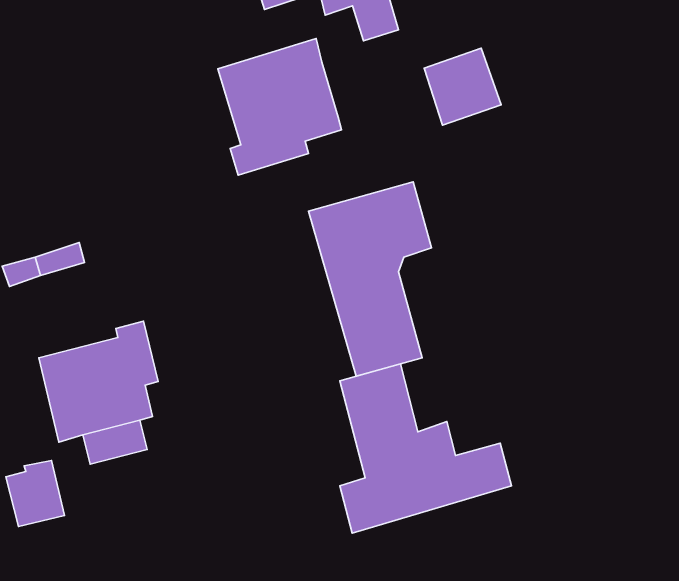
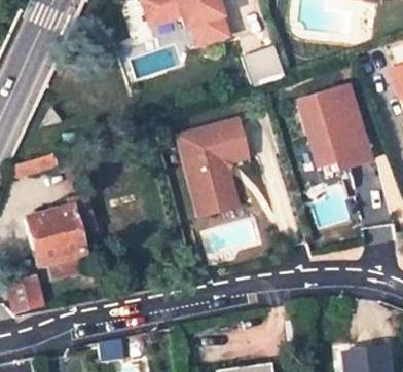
building: [218,39,342,175] -> none
building: none -> [296,84,370,185]
building: [340,364,512,533] -> none

